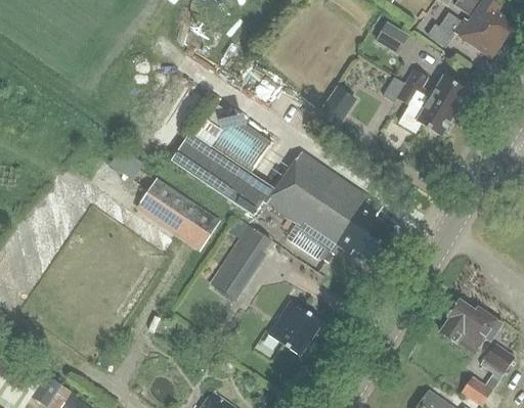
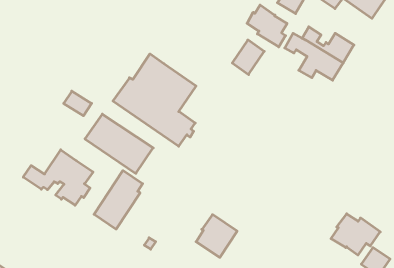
building: none -> [247,5,287,47]
building: [270,152,398,264] -> none
building: none -> [23,150,93,205]
building: [209,226,269,299] -> [94,171,143,229]

